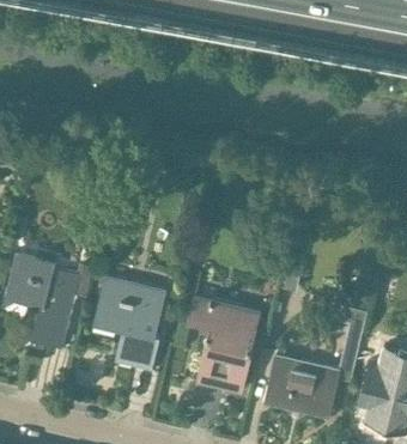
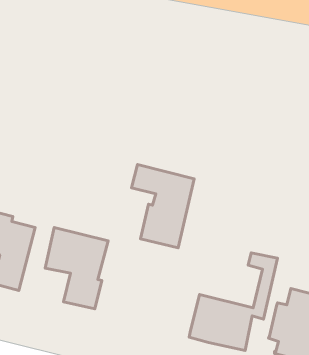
building: [186,296,260,394] -> [131,164,194,248]

